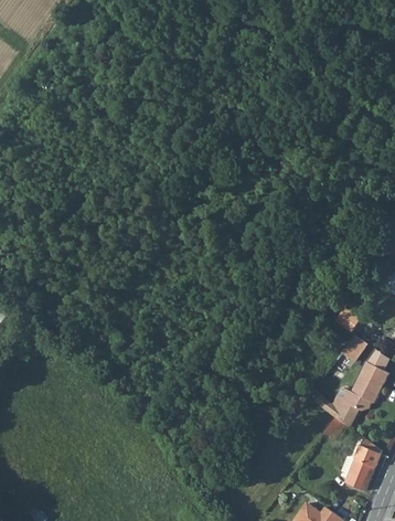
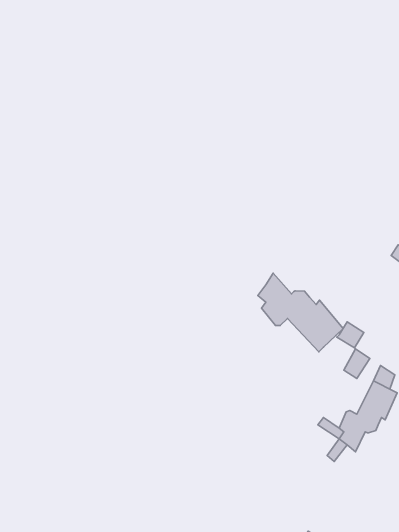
building: none -> [258,273,343,352]
building: [340,437,380,489] -> none

